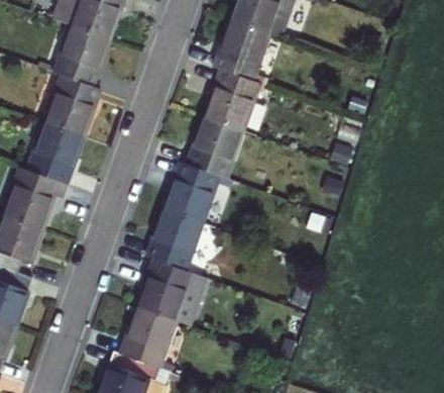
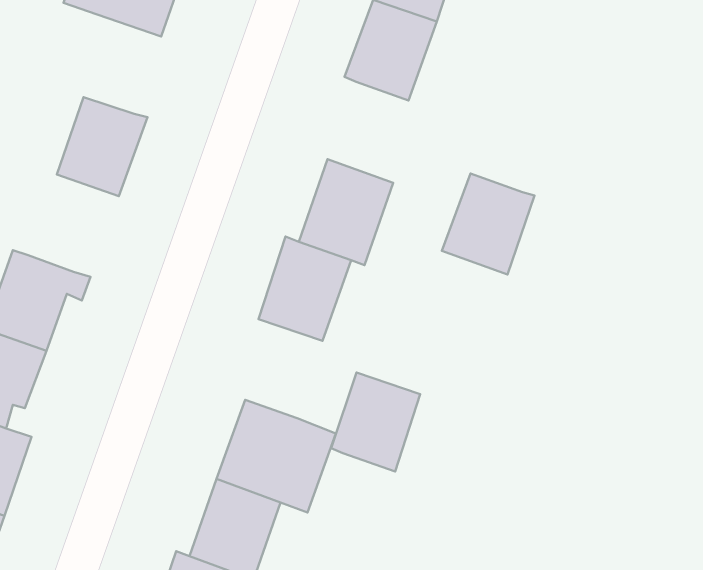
building: [51,26,107,86] -> none
building: [207,67,262,127] -> [442,174,534,274]
building: [27,122,82,184] -> none
building: [150,209,204,269] -> [331,372,420,472]

